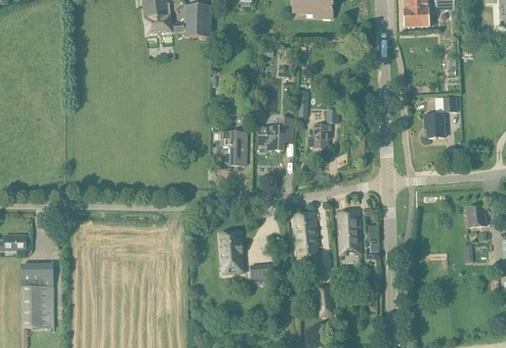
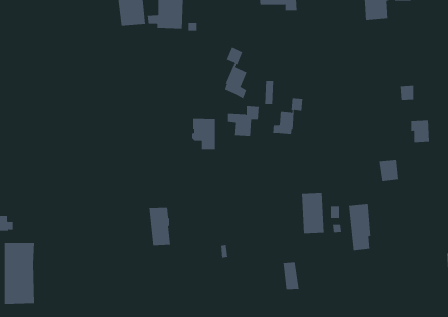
building: none -> [224,46,248,99]
building: [424,113,445,137] -> [411,120,430,143]
building: [465,205,487,228] -> [379,159,399,182]
building: [293,212,318,262] -> [348,204,371,251]
building: [219,232,243,273] -> [148,207,171,246]

